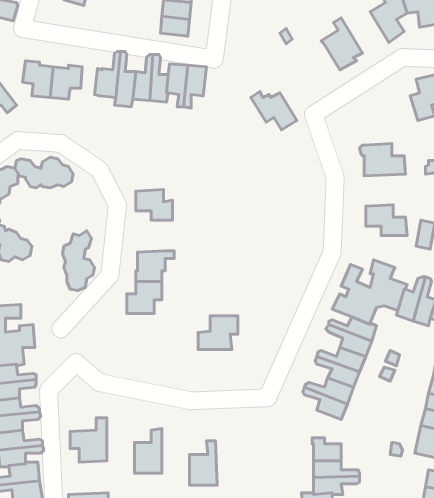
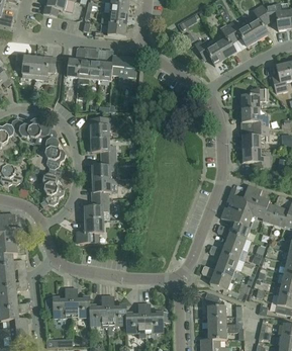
building: none -> [226,20,258,48]
building: [251,91,297,130] -> [195,39,225,65]
building: none -> [241,88,268,108]
building: none -> [89,117,111,139]
building: none -> [43,127,65,168]
building: none -> [241,127,269,149]
building: none -> [92,158,116,179]
building: [198,316,238,349] -> [77,220,103,242]
building: none -> [72,287,90,317]
building: none -> [108,295,126,334]
building: none -> [143,303,169,333]

